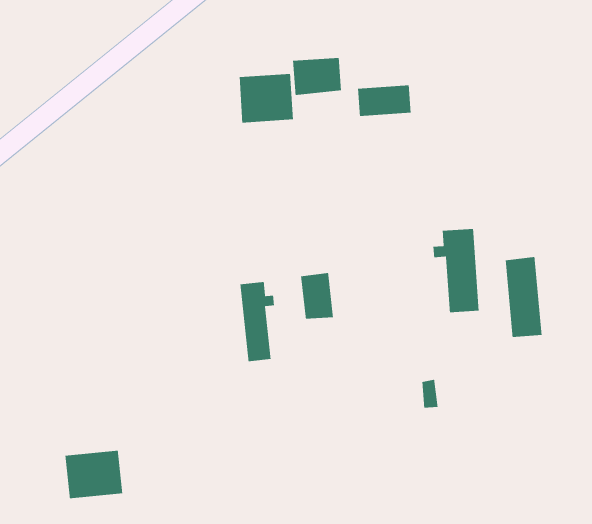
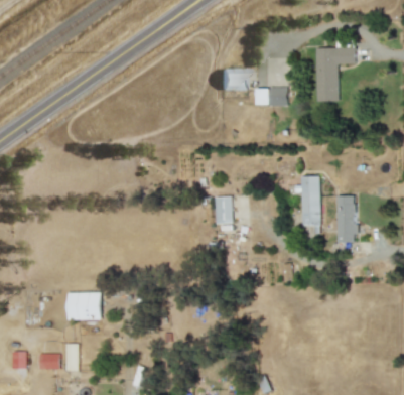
building: none -> [315,47,356,102]
building: [239,73,294,124] -> none
building: [240,281,275,362] -> none

